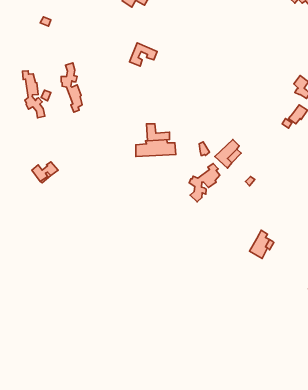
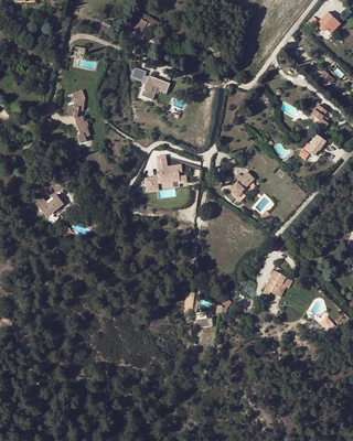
building: [23,71,45,118] -> none
building: [189,164,220,202] -> none

